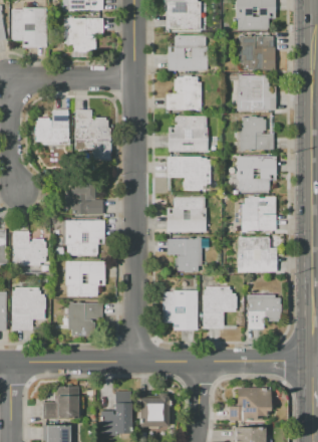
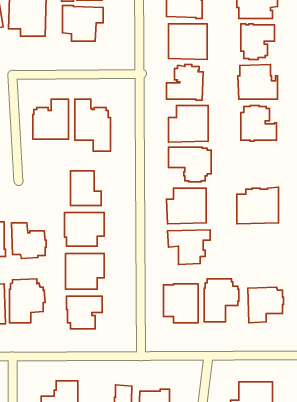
building: [238,156,275,191] -> none
building: [237,237,276,272] -> none

